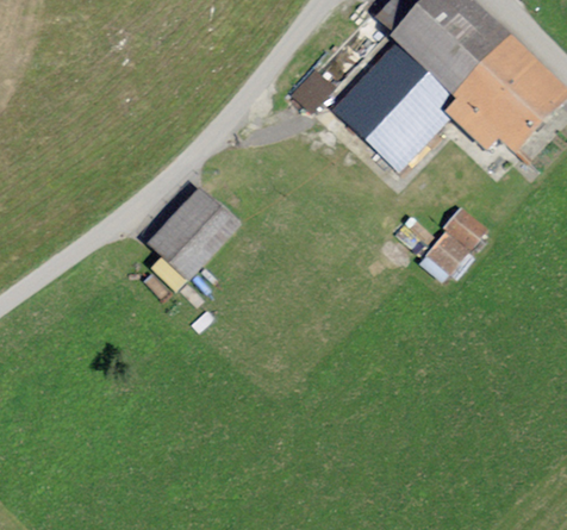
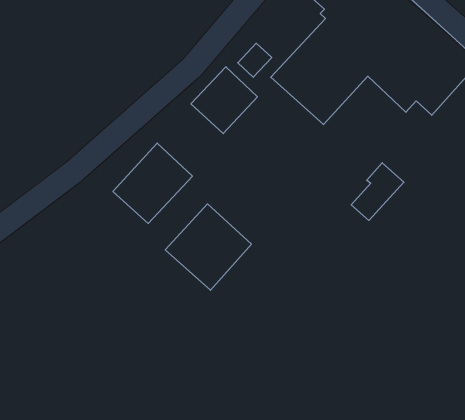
building: none -> [191,67,257,134]
building: none -> [165,204,251,290]

